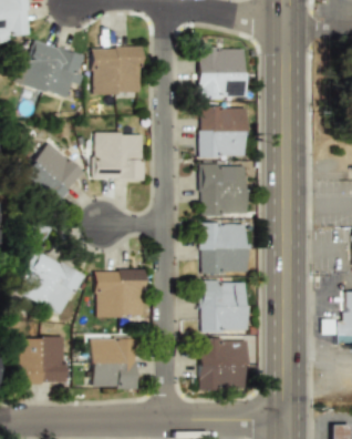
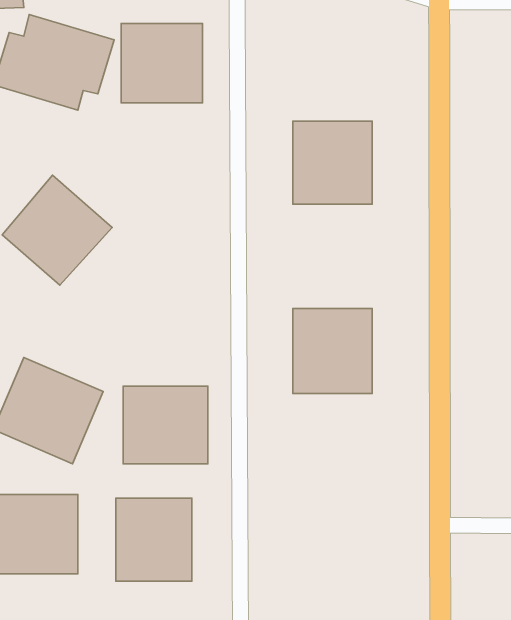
building: [199,45,247,99] -> none
building: [96,131,146,178] -> none
building: [200,163,249,215] -> none
building: [201,279,248,331] -> none
building: [199,337,248,388] -> none

